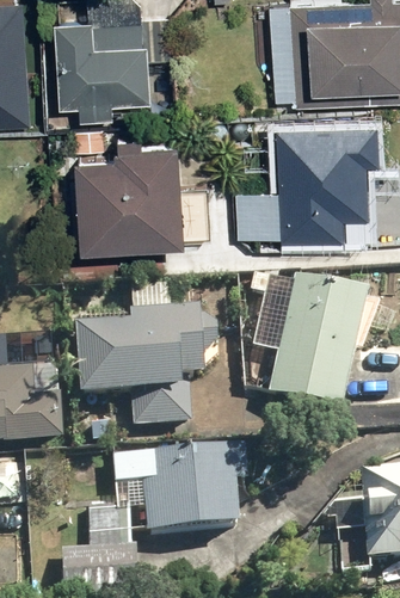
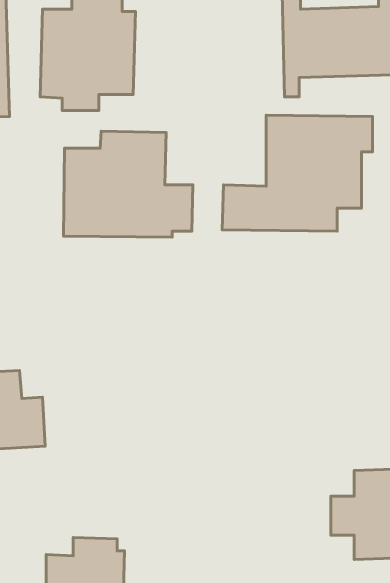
building: [261,270,368,401] -> none
building: [76,288,214,424] -> none
building: [109,443,246,530] -> none

